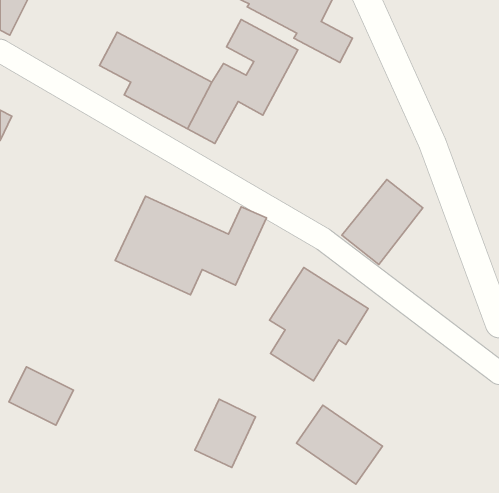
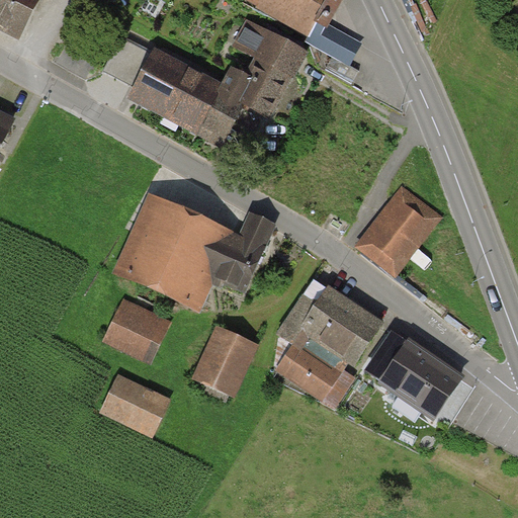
building: none -> [103,297,167,360]
building: [9,367,73,425] -> [98,374,165,435]
building: [195,399,255,468] -> [188,327,251,398]
building: [296,405,382,484] -> [371,334,460,416]

